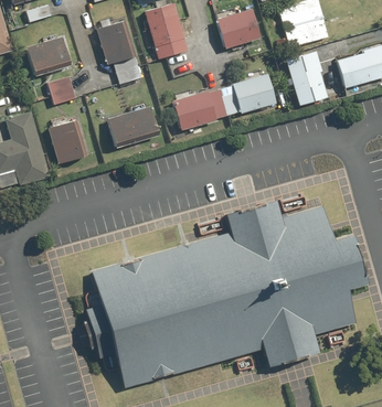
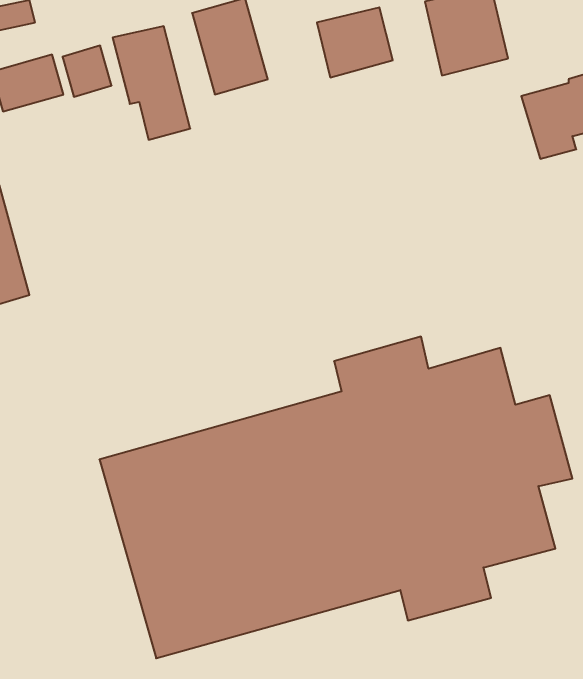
building: [285,51,328,106] -> none
building: [172,74,276,129] -> none
building: [47,75,76,105] -> [62,46,112,97]
building: [106,104,157,143] -> none
building: [49,118,88,164] -> none

